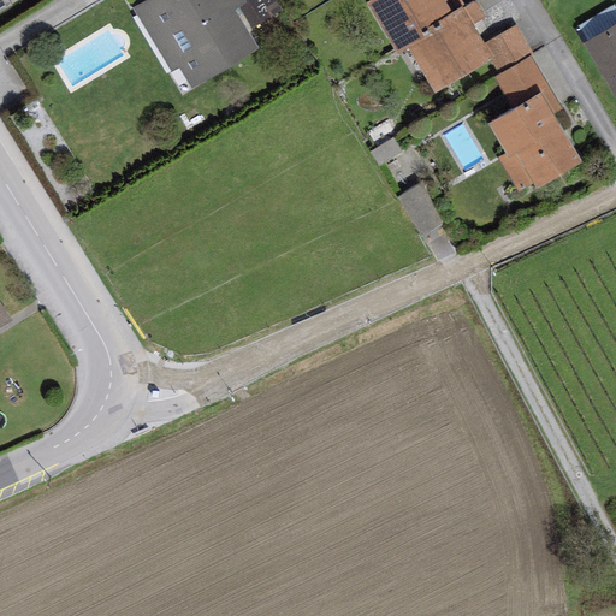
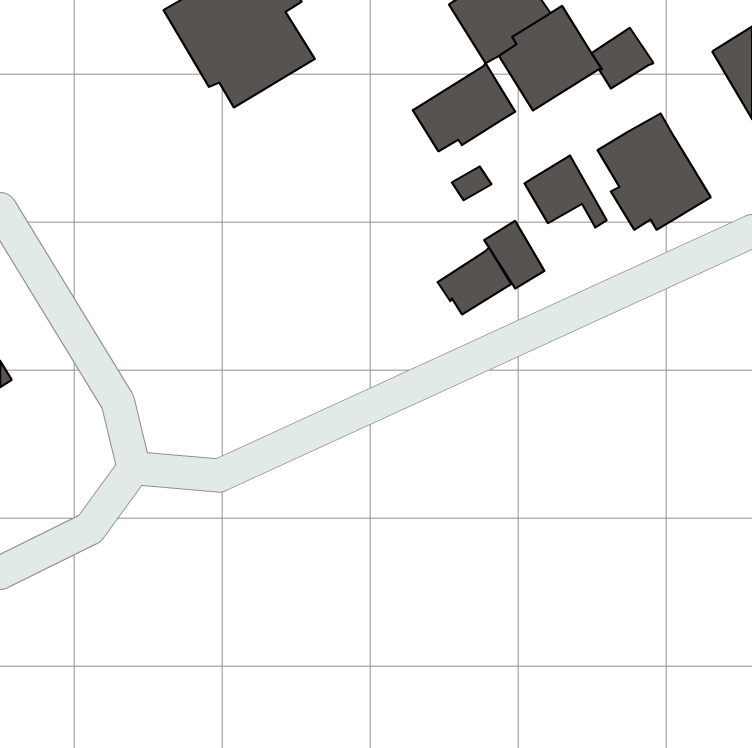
building: none -> [413,63,515,151]
building: [493,53,561,112] -> [524,155,607,228]
building: none -> [437,247,511,315]

